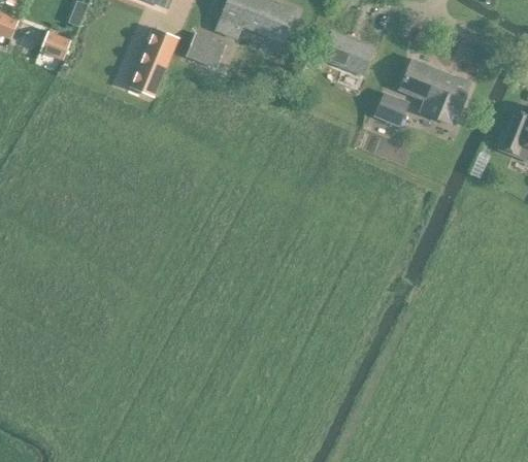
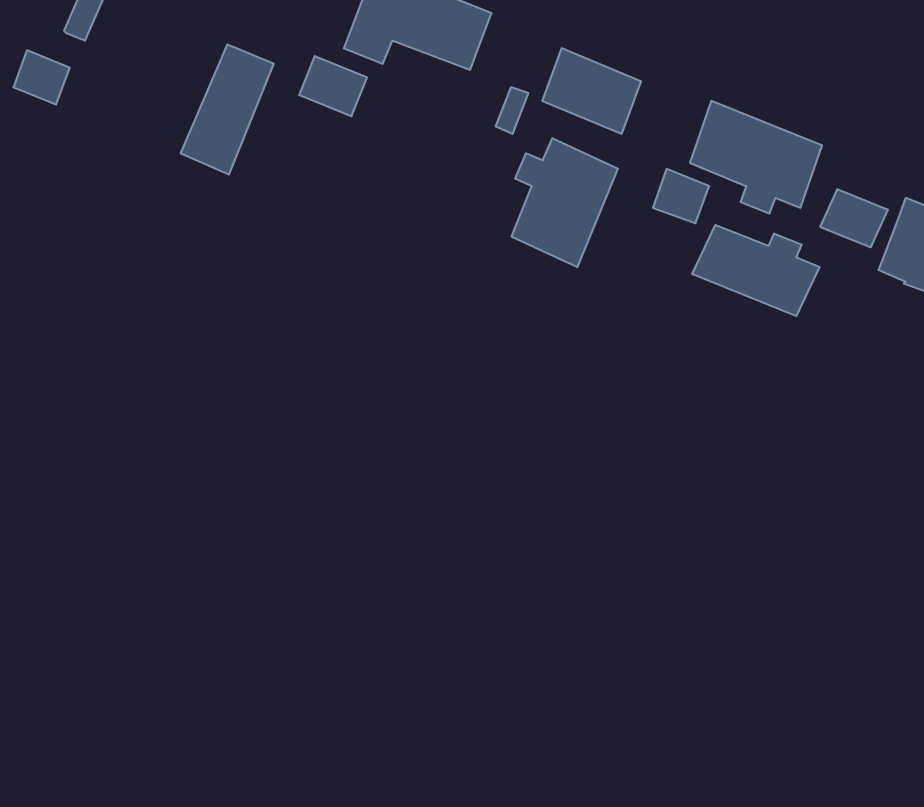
building: none -> [512,138,618,267]
building: none -> [820,189,888,247]
building: none -> [692,225,820,316]

